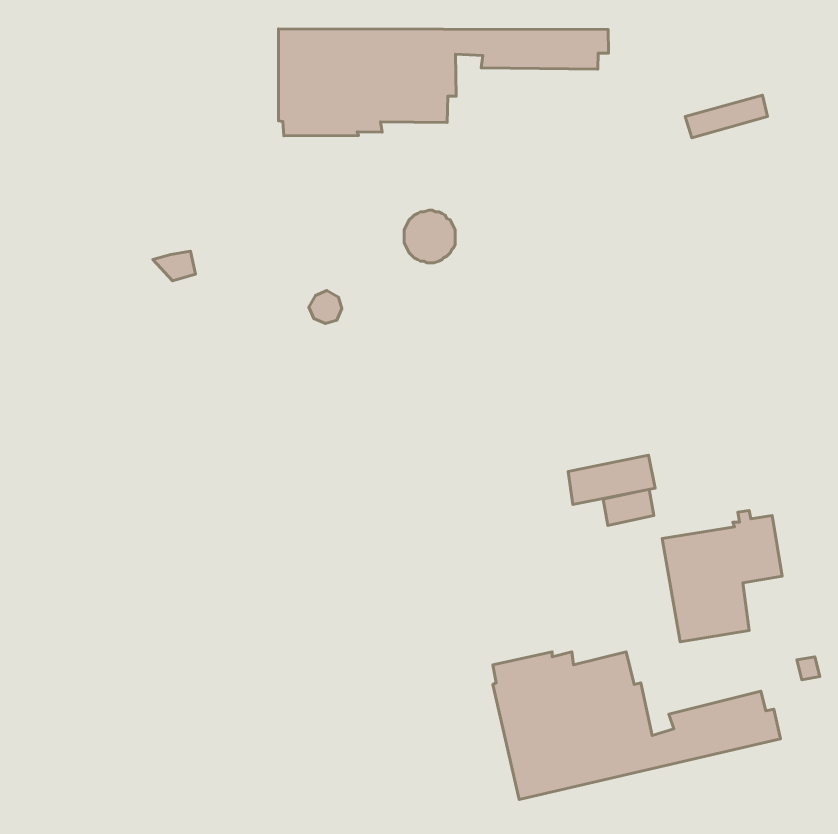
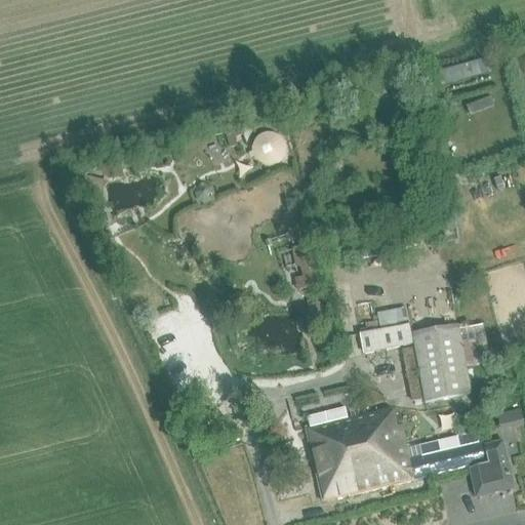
building: [279,29,609,136] -> none
building: [568,455,655,504] -> [360,322,414,353]
building: none -> [471,439,513,495]

